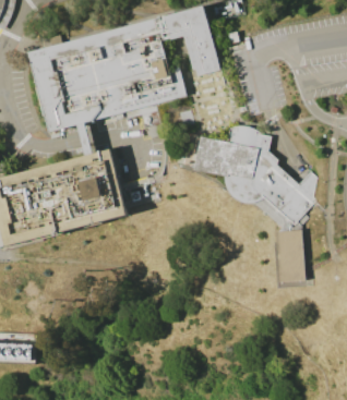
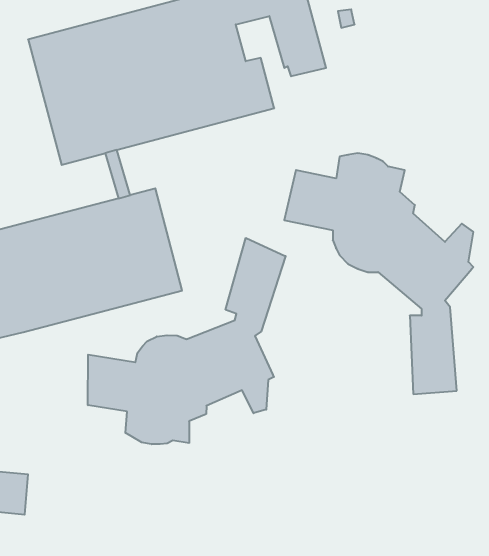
building: none -> [88,238,286,444]

